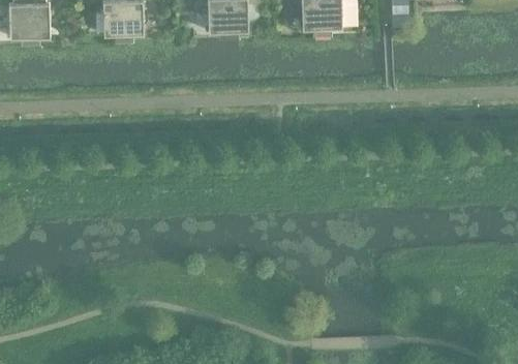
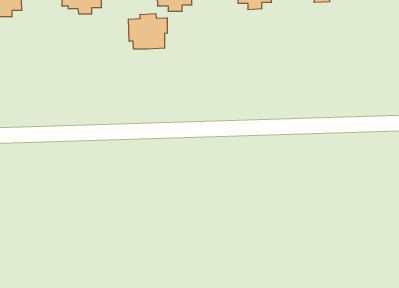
building: none -> [128,14,167,49]

